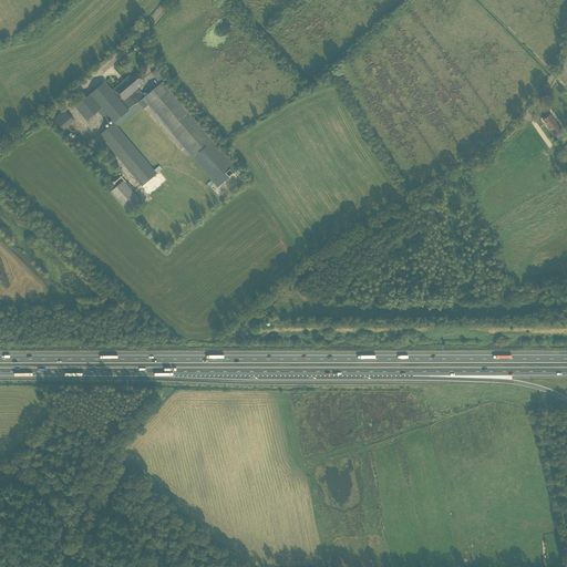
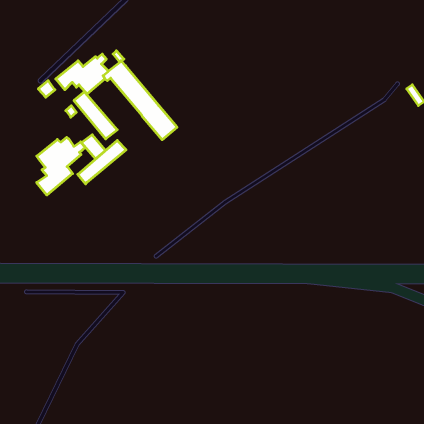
building: none -> [37,137,85,195]
building: none -> [78,140,126,184]

